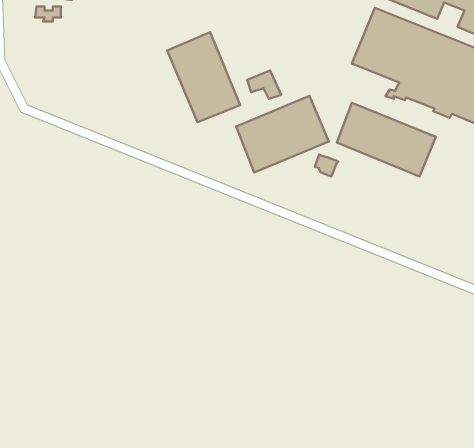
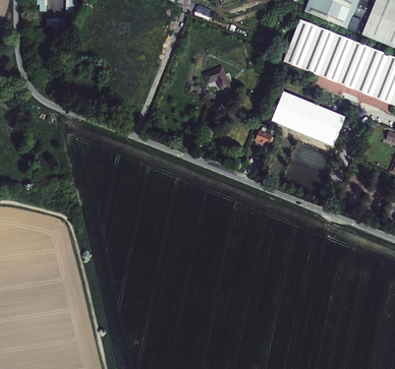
building: [167,32,240,122] -> none
building: [236,96,329,172] -> none

